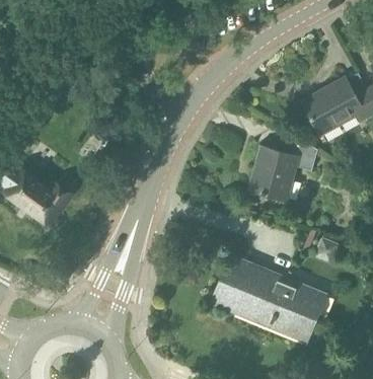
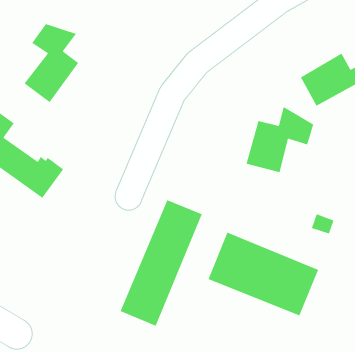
building: none -> [23,23,79,103]
building: none -> [120,199,203,327]

